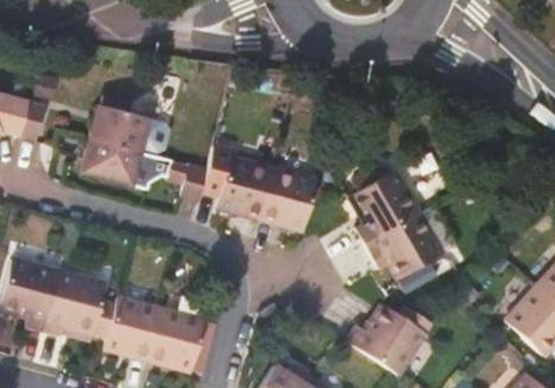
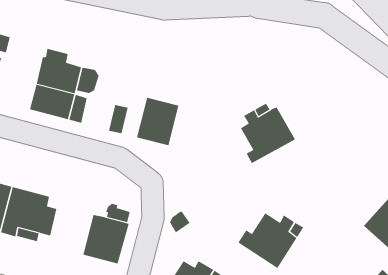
building: [257,167,313,230] -> none
building: [362,210,442,278] -> none
building: [103,294,160,357] -> none

